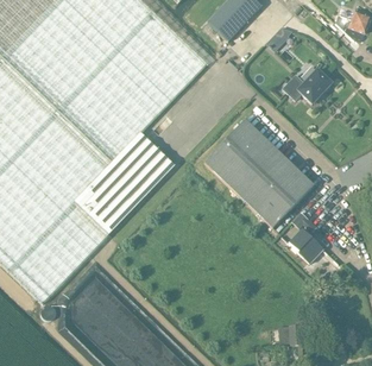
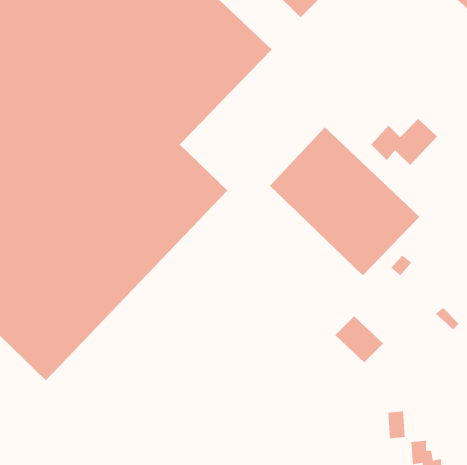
building: [282,68,330,102] -> [371,118,438,166]
building: [286,227,322,261] -> [335,316,384,363]

